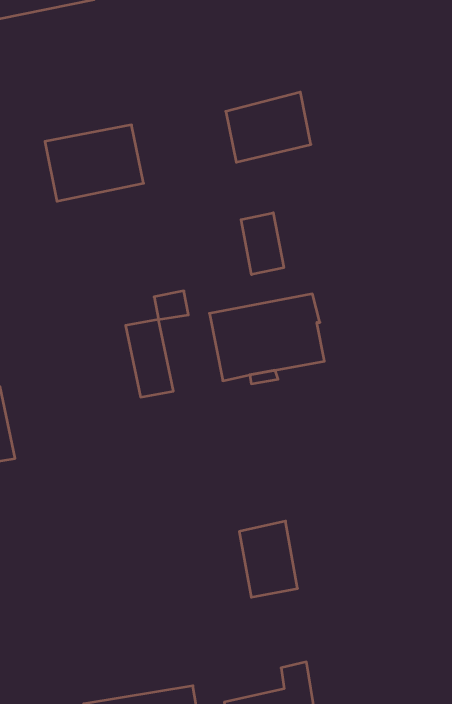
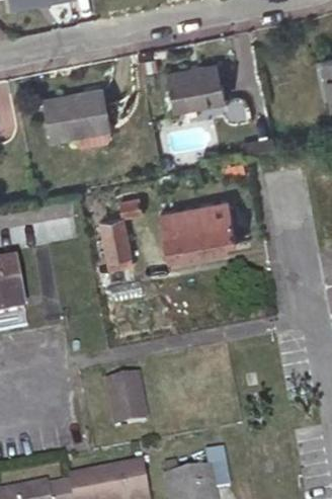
building: [241,213,284,275] -> none
building: [239,521,298,597] -> [110,377,150,428]

